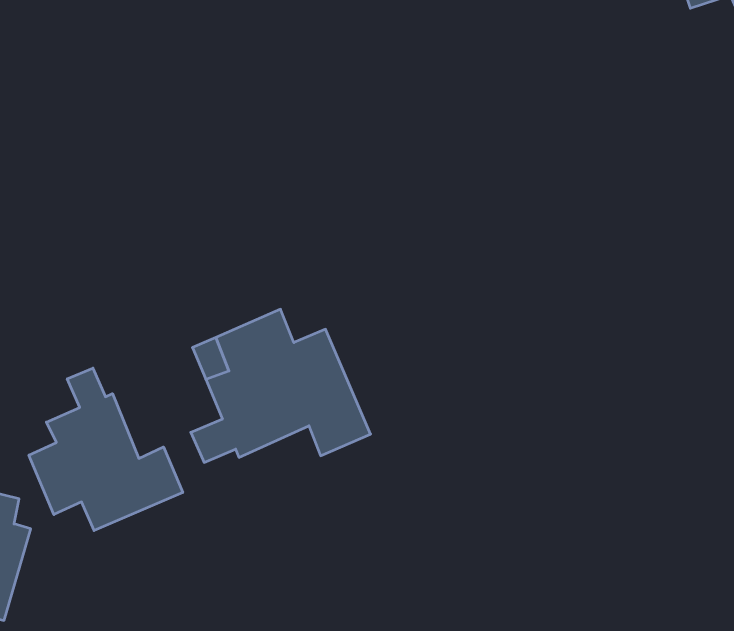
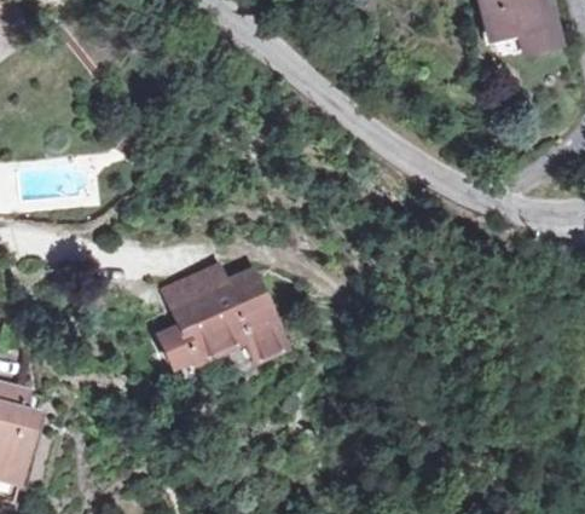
building: [29,368,183,531] -> none

